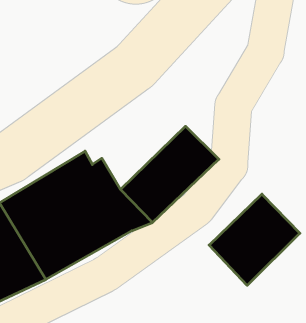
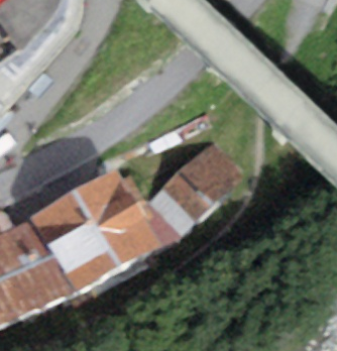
building: [209,194,300,285] -> none

